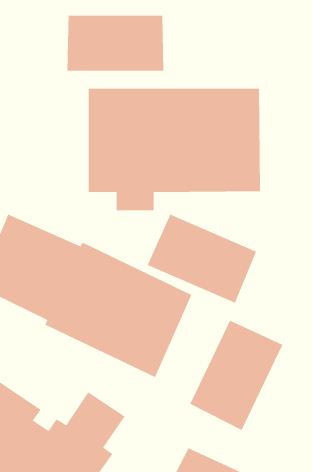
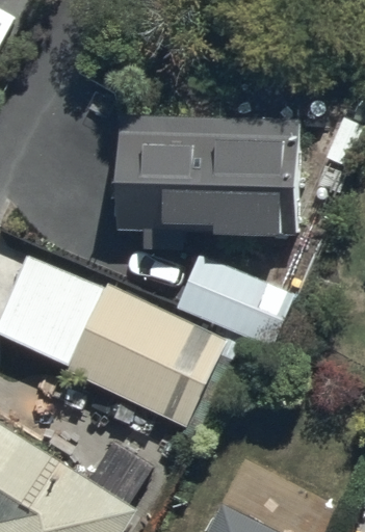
building: [67,15,164,71] -> none
building: [189,320,283,431] -> none

